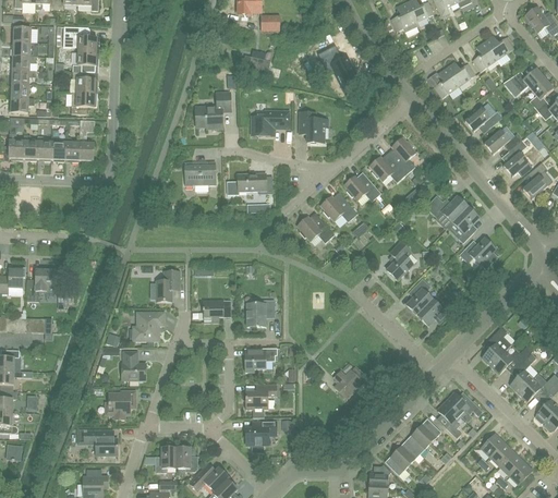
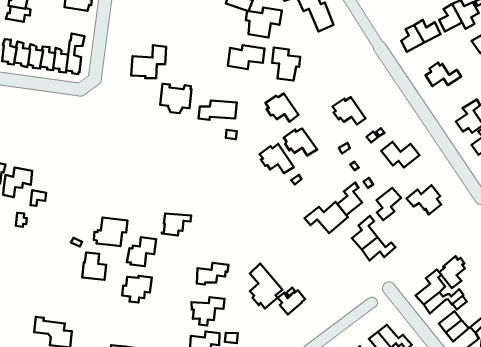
building: none -> [246,8,282,37]
building: [71,92,97,113] -> none
building: [195,92,231,127] -> [131,45,166,78]
building: [484,129,522,154] -> none
building: [387,135,415,173] -> none
building: [343,171,380,201] -> [265,94,299,122]
building: [452,206,478,242] -> [376,188,401,220]
building: none -> [304,202,348,233]
building: [151,270,180,301] -> [127,237,156,266]
building: [246,299,275,326] -> none
building: none -> [439,256,465,288]
building: none -> [250,264,283,308]
building: [106,390,135,418] -> [122,276,152,302]

